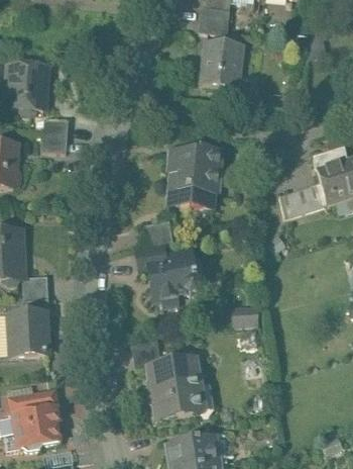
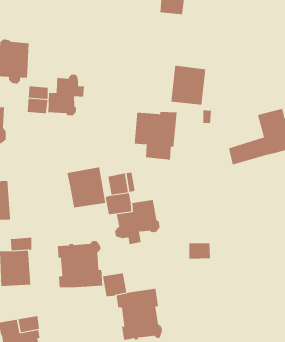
building: [200,40,242,88] -> [170,65,206,105]
building: none -> [48,74,85,116]
building: none -> [67,166,106,208]
building: [22,274,48,299] -> none
building: none -> [57,240,103,288]

